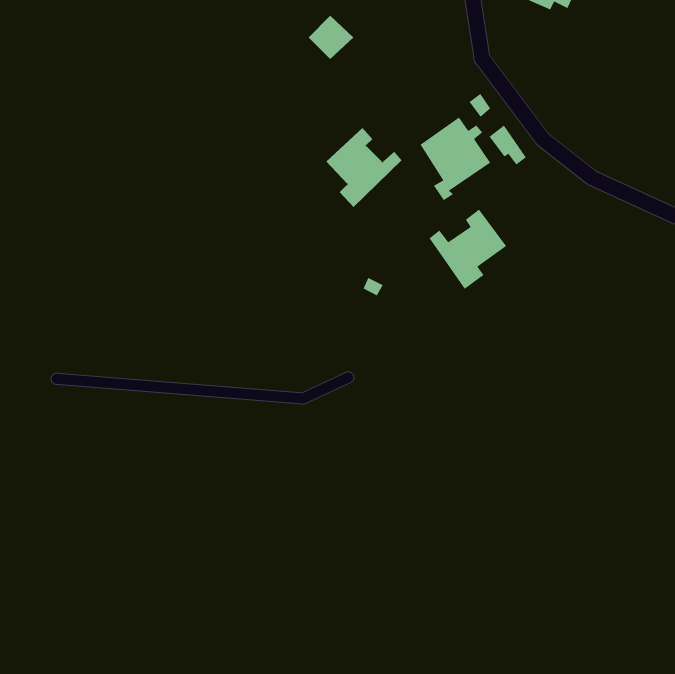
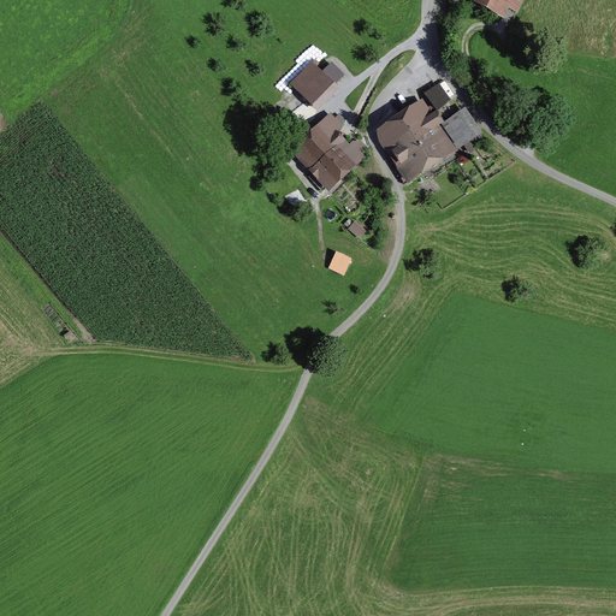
building: [308,15,354,60] -> [291,63,333,103]
building: [428,209,507,290] -> none

